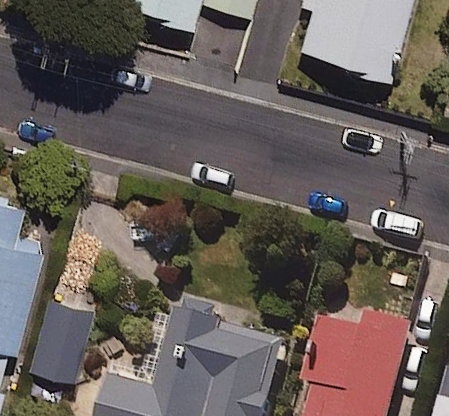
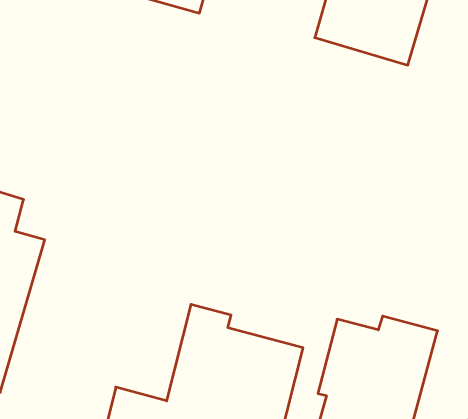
building: [30,299,91,383] -> none

